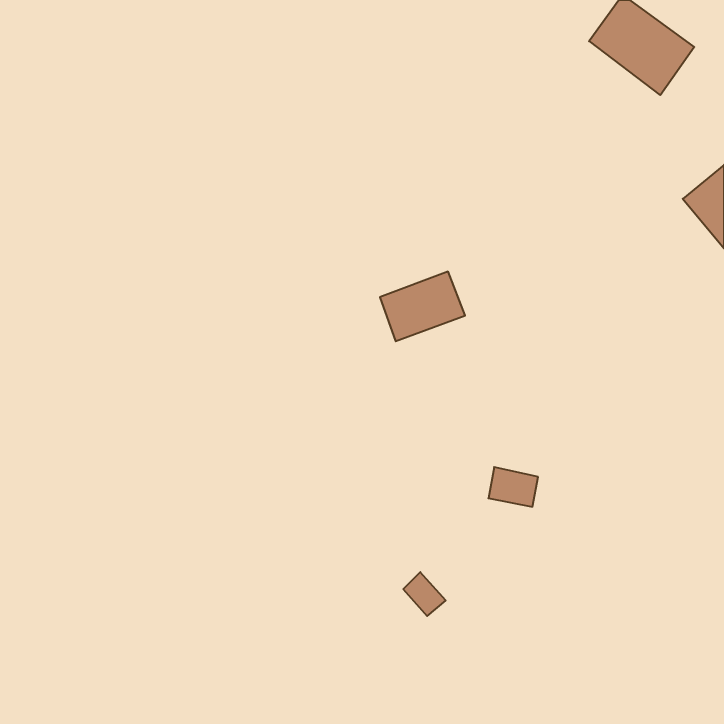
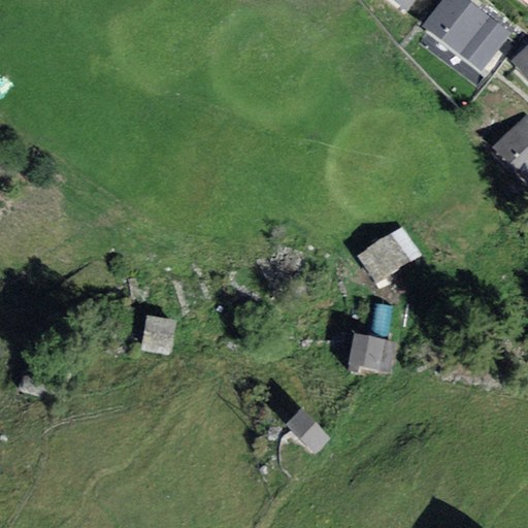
building: [380,272,465,341] -> [358,227,420,277]
building: none -> [142,314,176,352]

